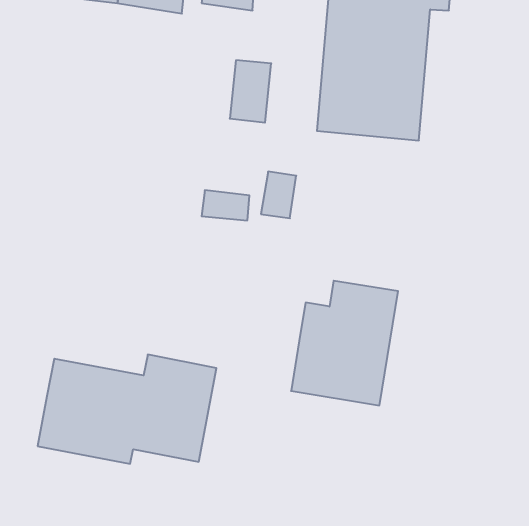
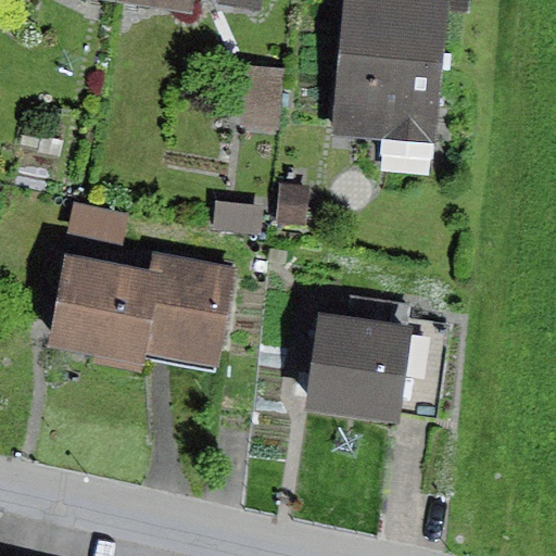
building: [38,355,216,464] -> [48,253,235,367]

